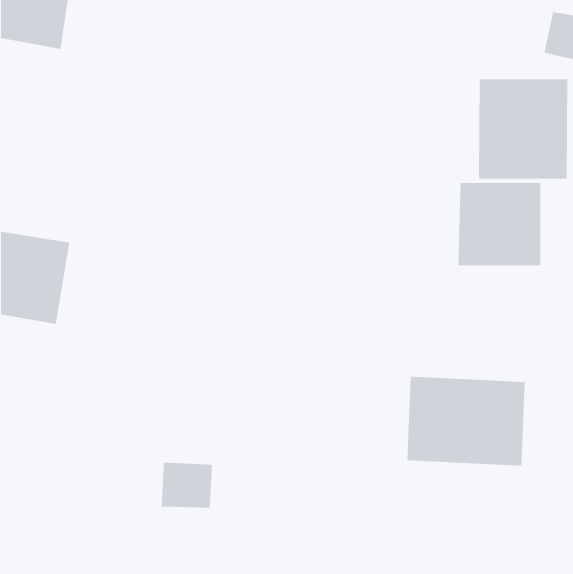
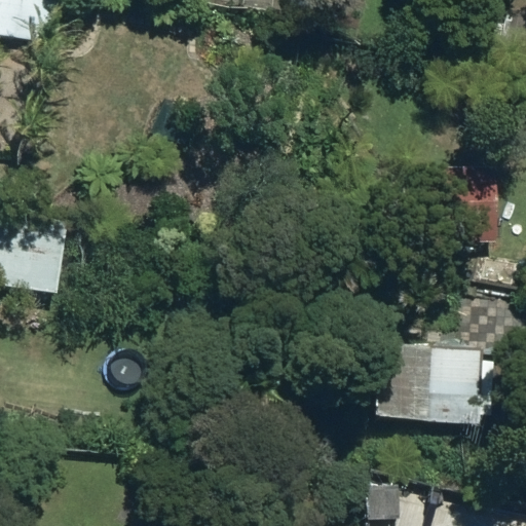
building: [478,79,568,179] -> none

